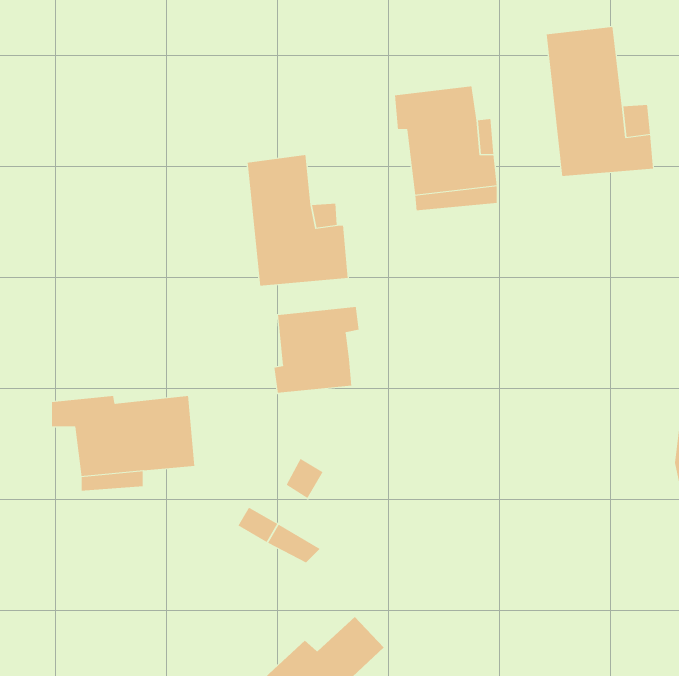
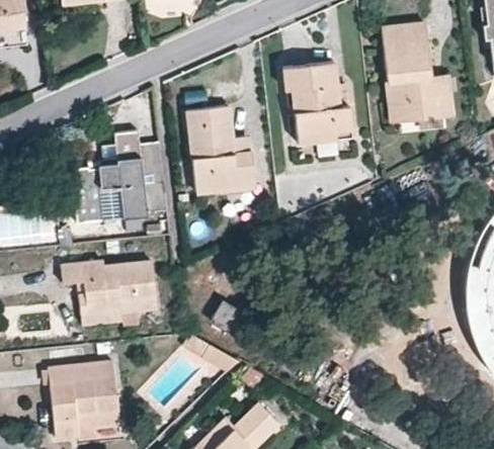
building: none -> [72,133,167,222]
building: [274,306,359,394] -> none
building: none -> [51,363,119,439]

